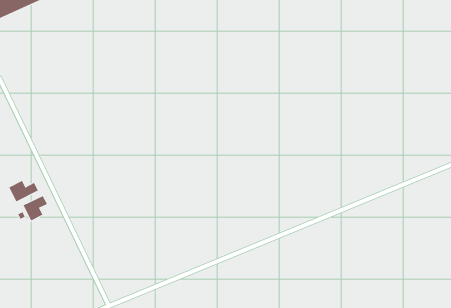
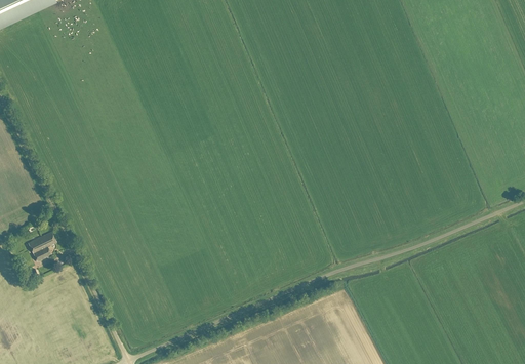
building: [8,180,38,202] -> none

